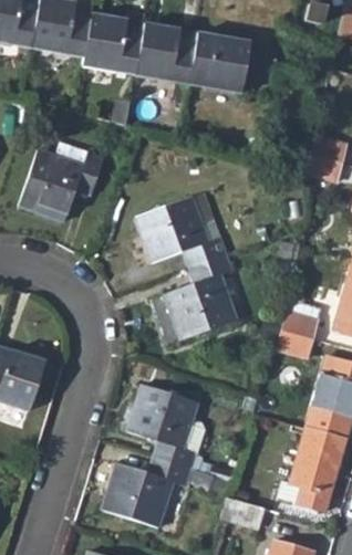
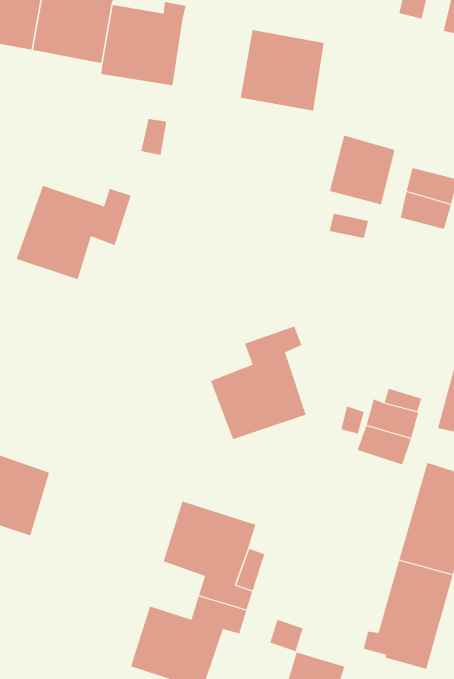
building: [136,23,195,83] -> none
building: none -> [329,135,395,205]
building: [136,195,227,266] -> none

